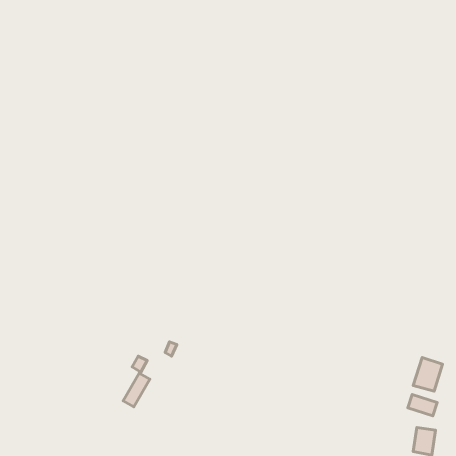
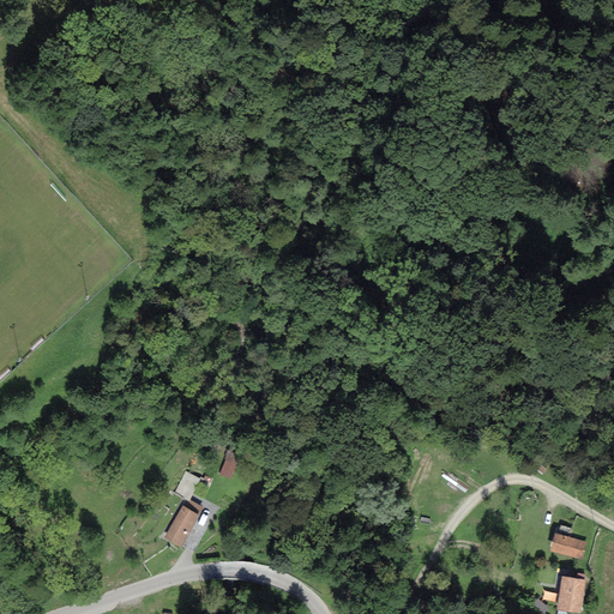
building: [413,358,443,391] -> none

